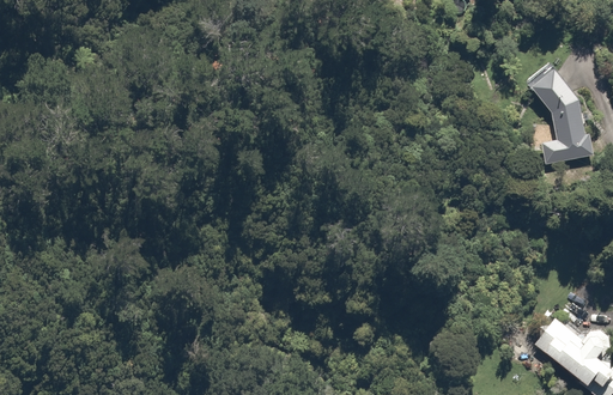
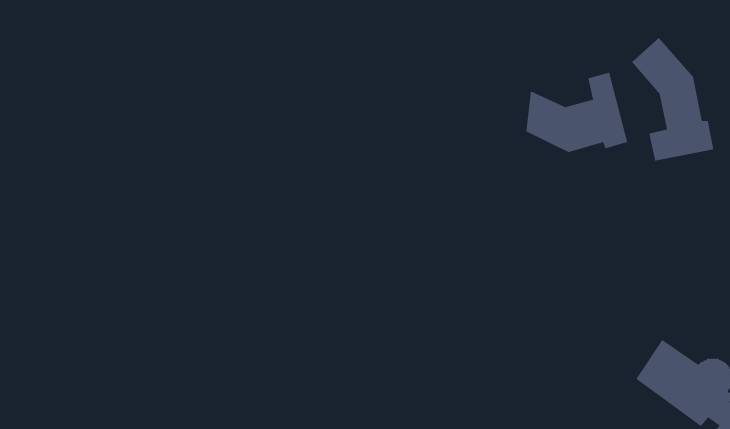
building: none -> [526,72,628,153]

